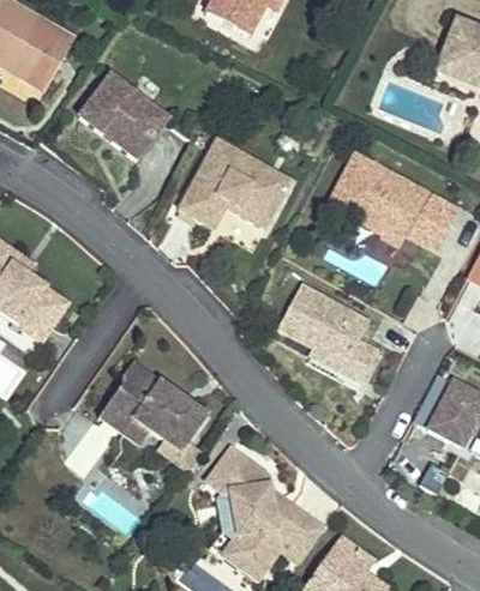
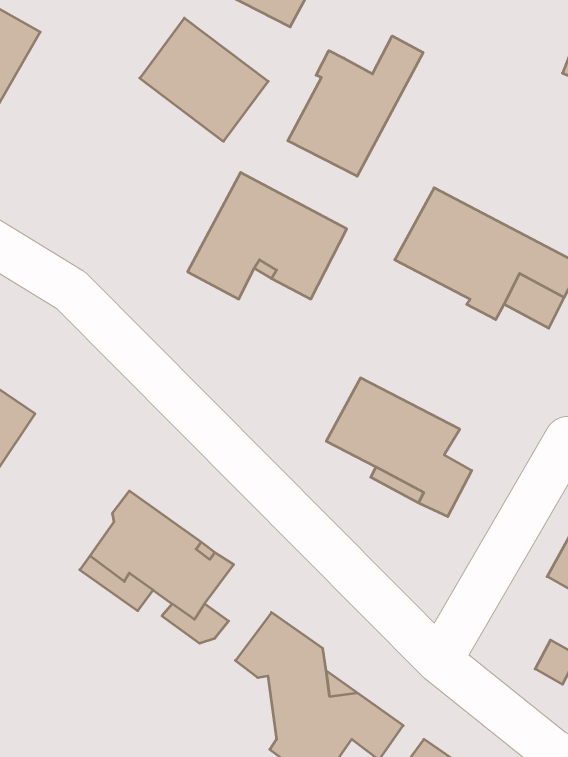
building: none -> [288,36,423,176]
building: [80,74,170,161] -> [140,18,268,141]

